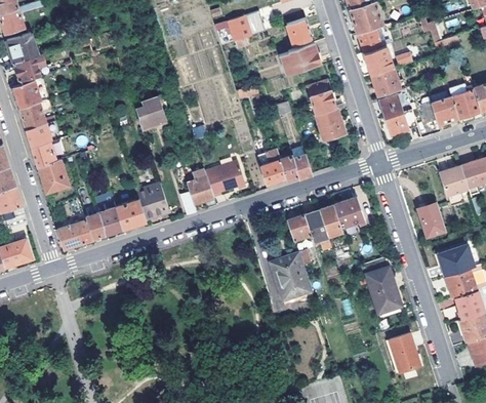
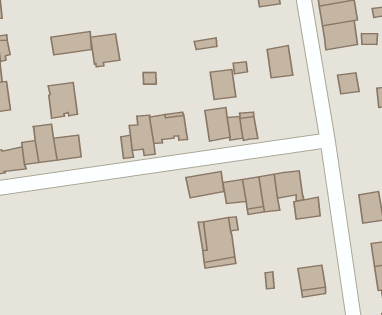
building: [280,42,320,74] -> none
building: [364,67,400,98] -> none
building: none -> [51,32,92,55]
building: [316,107,345,138] -> [210,70,236,100]
building: [386,109,417,134] -> none
building: [137,183,170,220] -> [48,82,78,118]
building: none -> [186,171,224,198]
building: [367,268,395,292] -> [294,197,320,219]

